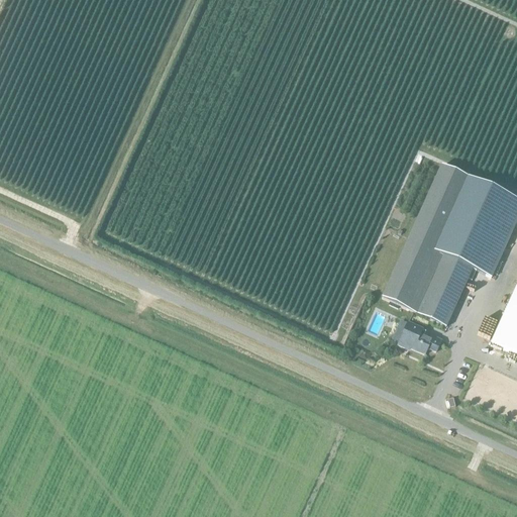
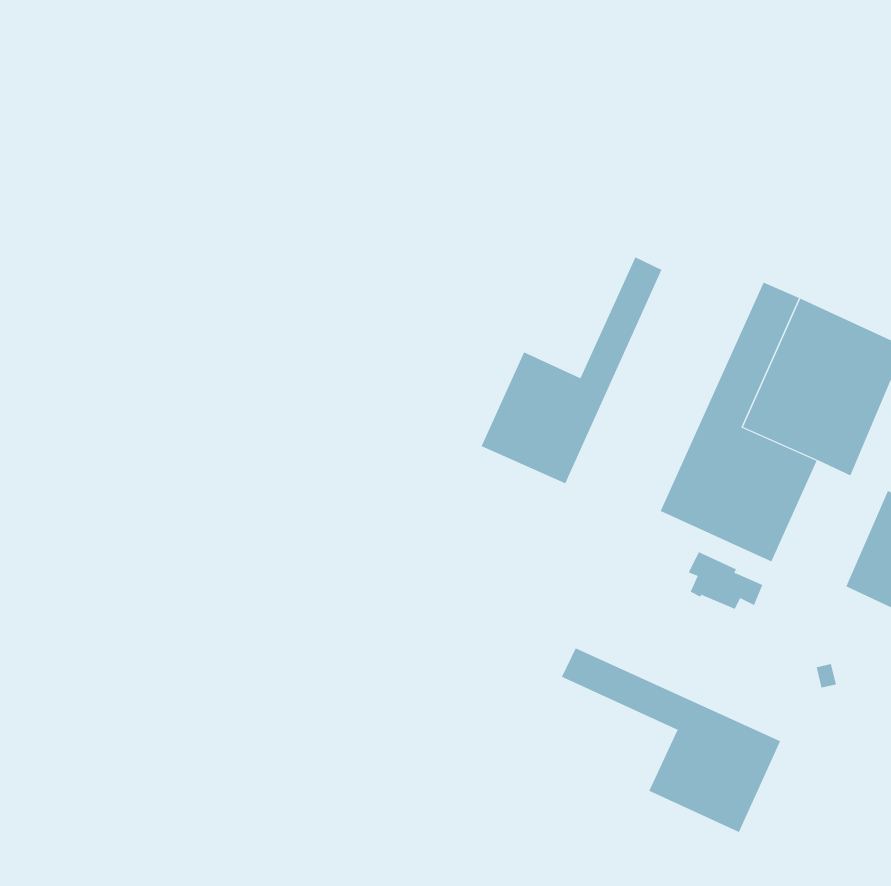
building: none -> [481,257,662,484]
building: none -> [561,647,781,833]

